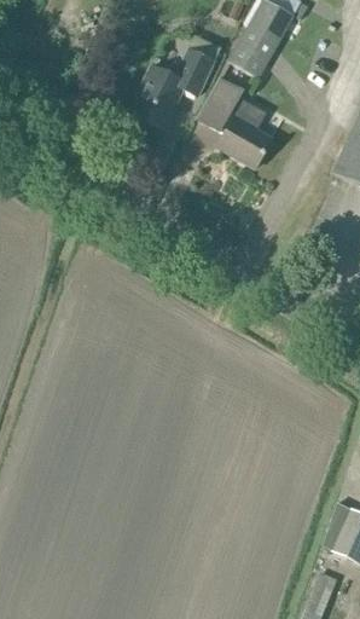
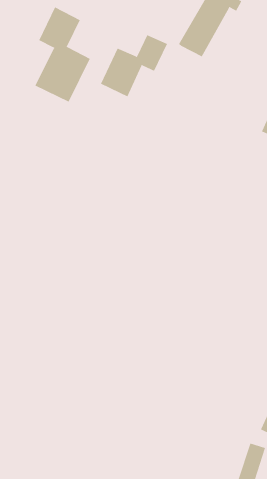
building: none -> [34,7,91,102]
building: [198,60,272,167] -> none

